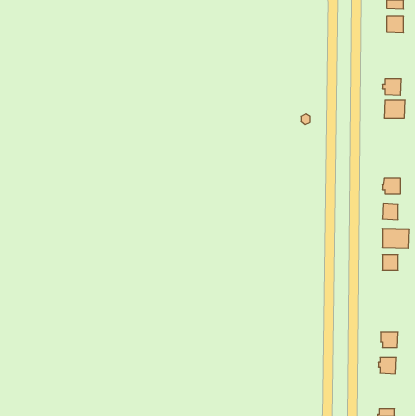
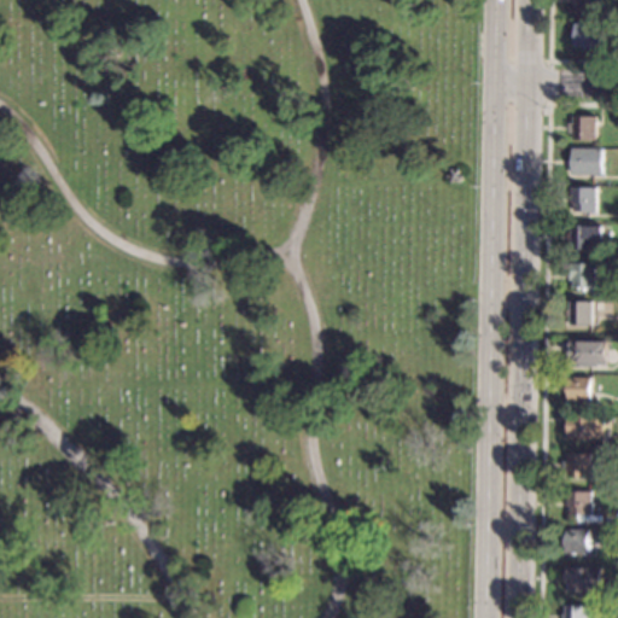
building: none -> [570,187,595,212]
building: none -> [567,226,604,250]
building: none -> [562,415,602,439]
building: none -> [562,455,589,478]
building: none -> [564,567,599,593]

